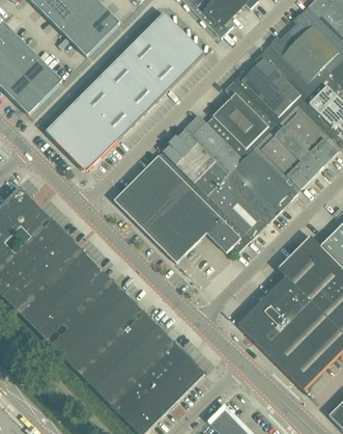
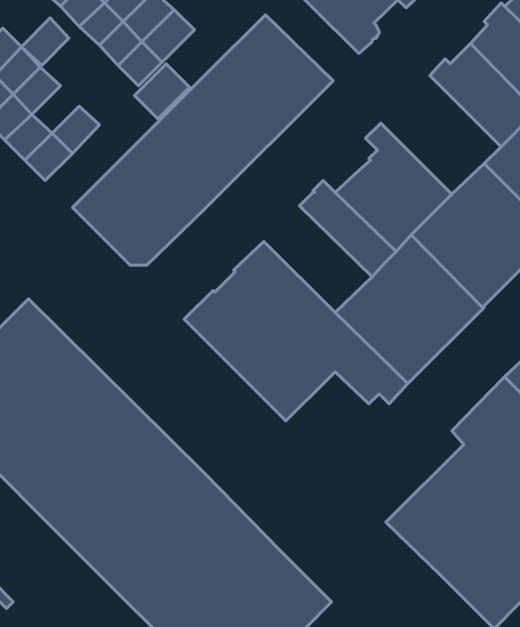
building: none -> [134,64,190,119]
building: [234,50,308,123] -> none
building: [21,56,50,85] -> [21,18,69,65]
building: [163,130,229,195] -> none

